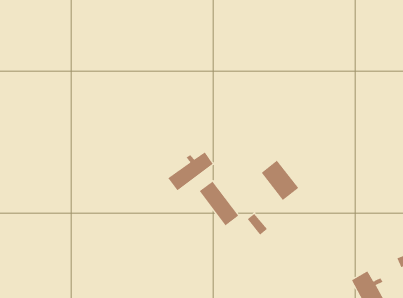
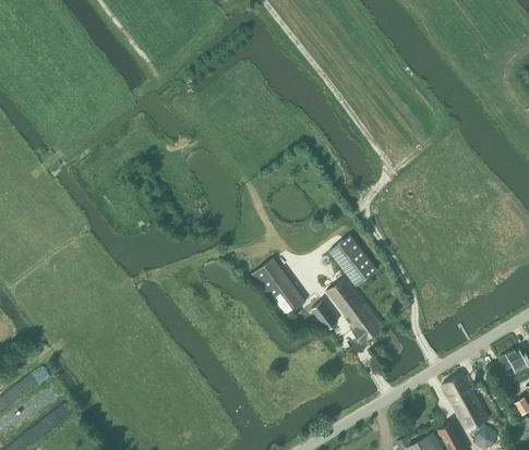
building: [168,151,213,191] -> none
building: none -> [326,277,384,344]

